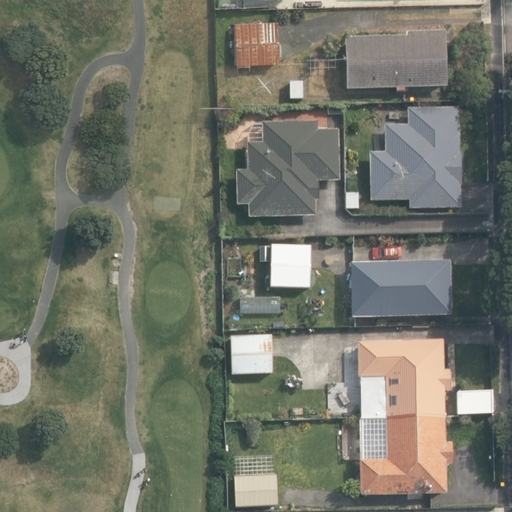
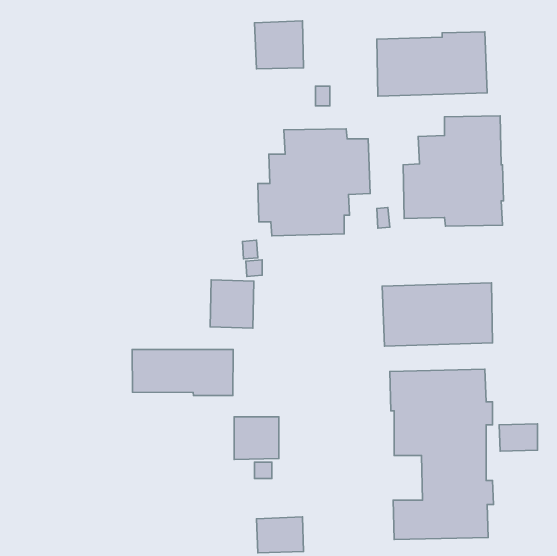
building: [270,243,310,287] -> [210,280,254,328]
building: none -> [132,349,233,396]
building: [232,333,273,372] -> [234,417,279,460]

